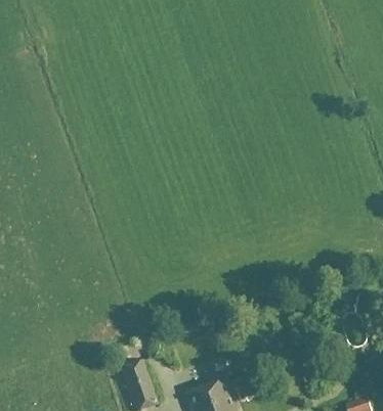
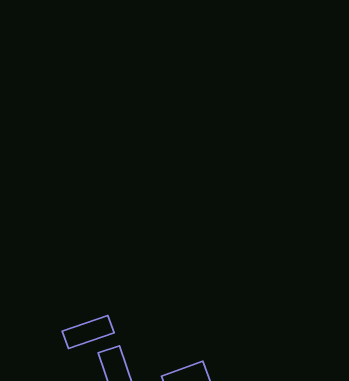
building: none -> [62,315,114,349]

